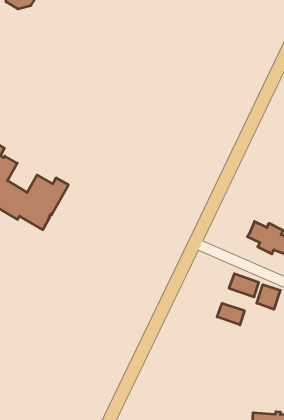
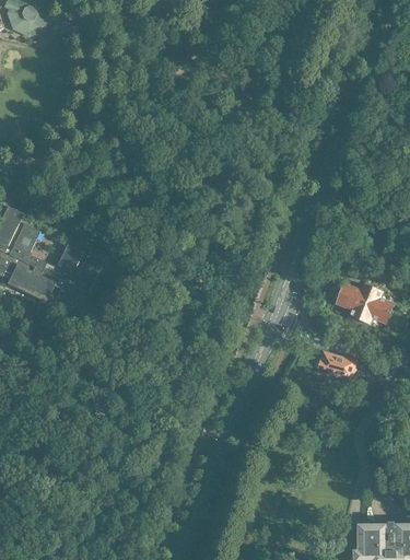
building: [257,285,280,309] -> none
building: [217,303,244,325] -> none

